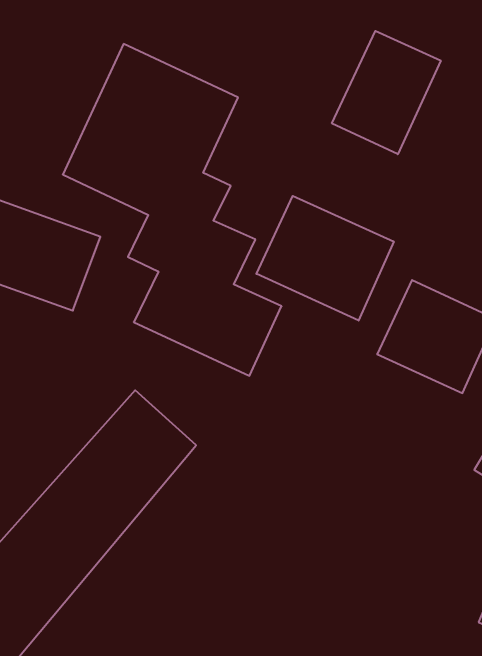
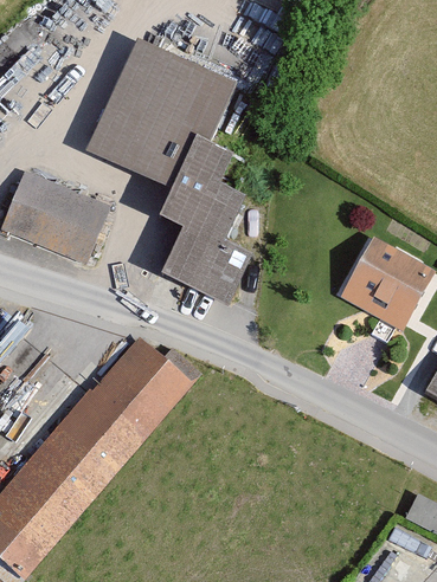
building: [332,31,441,154] -> none
building: [256,196,394,321] -> none

